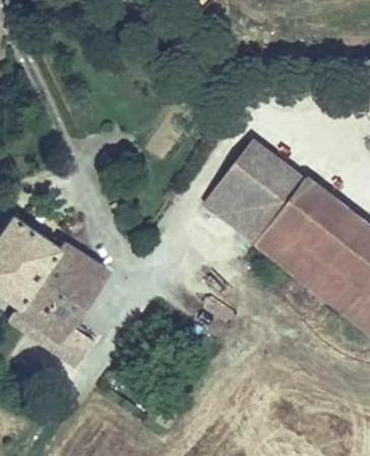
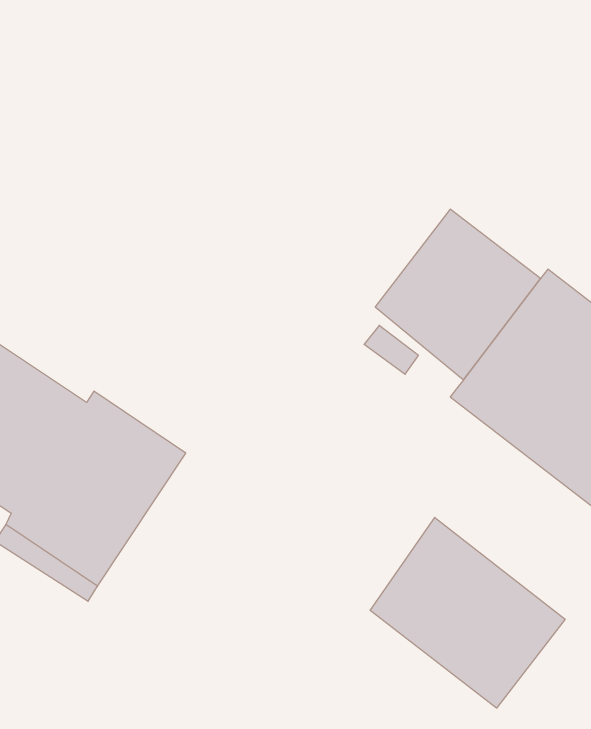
building: none -> [370,517,565,708]

